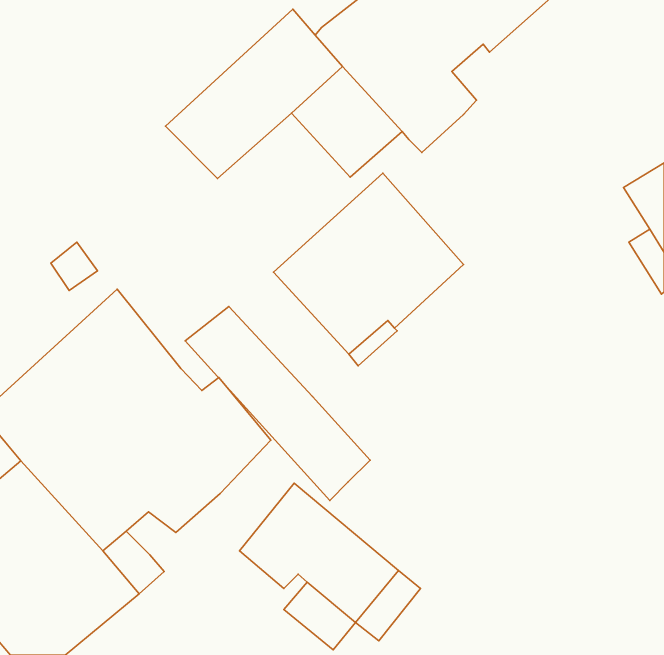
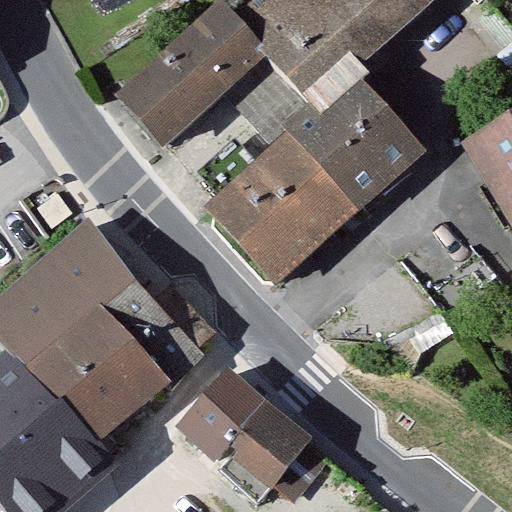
building: none -> [290,88,413,203]
building: [185,306,370,501] -> none

